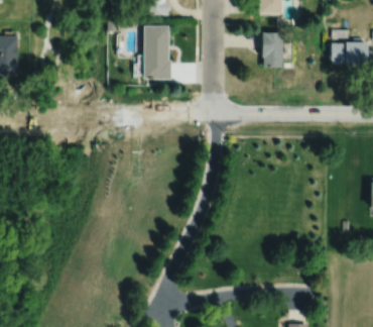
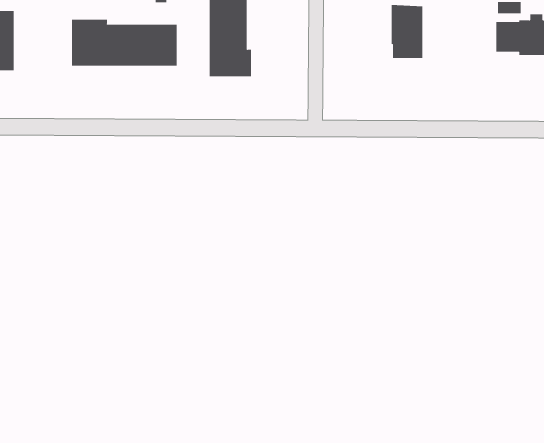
building: none -> [72,19,177,66]

